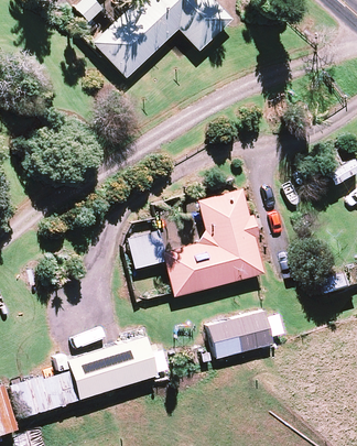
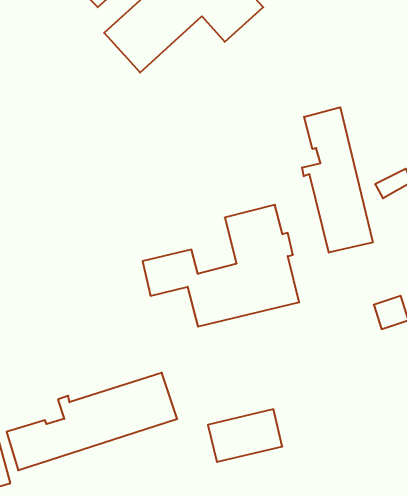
building: none -> [302,107,373,253]
building: [208,311,272,356] -> [208,409,282,462]

